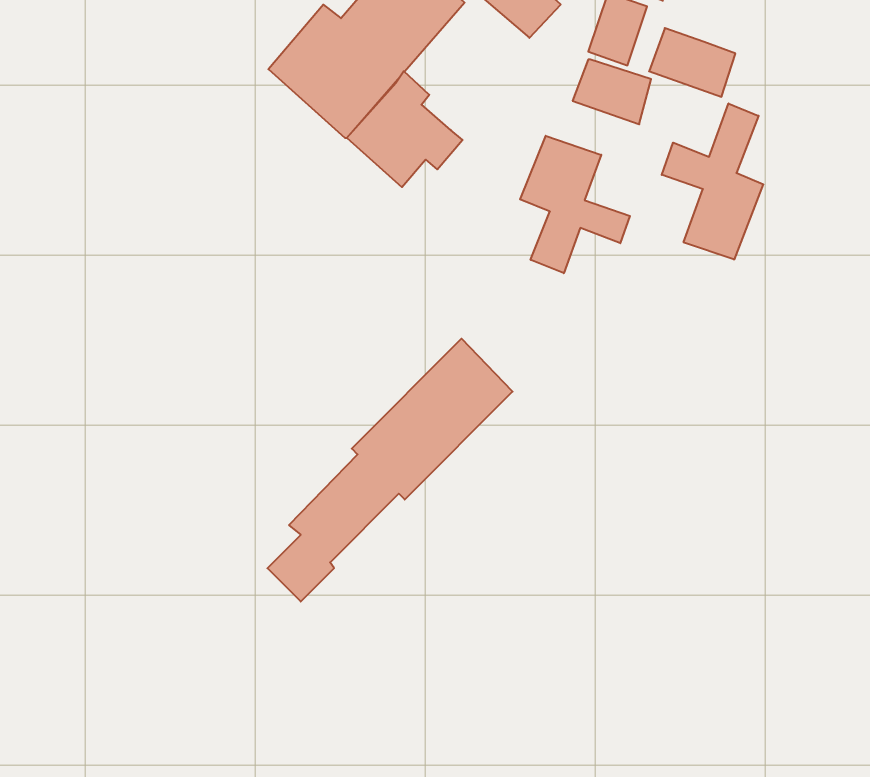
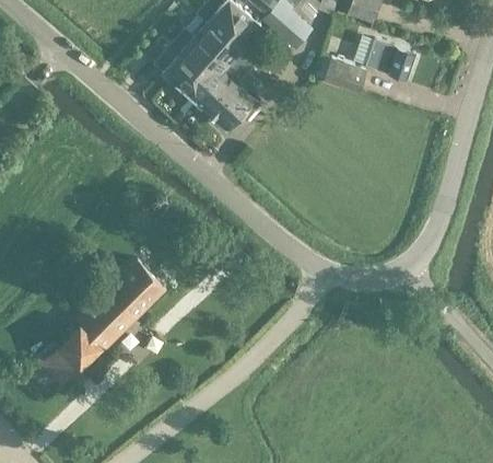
building: [662,103,763,260] -> none
building: [520,136,630,273] -> none
building: [267,339,513,602] -> [28,261,165,407]

